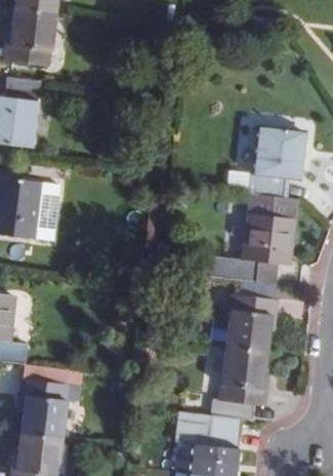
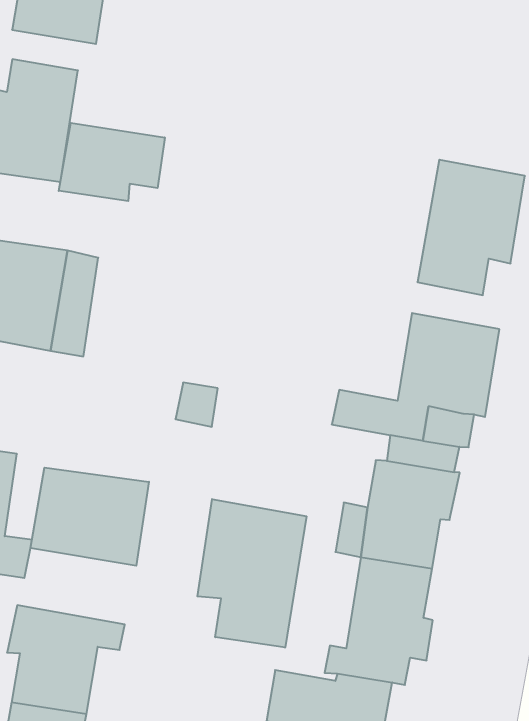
building: none -> [59,123,165,201]
building: none -> [31,468,149,566]
building: none -> [197,499,306,648]

